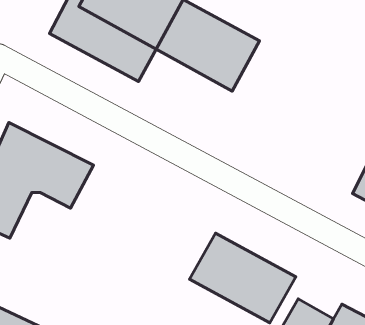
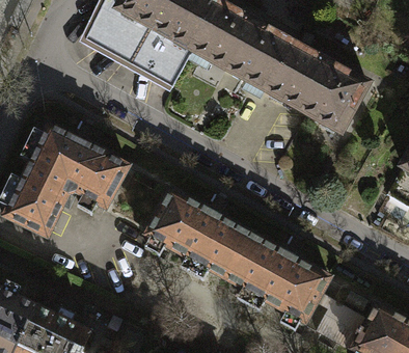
building: none -> [267,42,370,131]
building: none -> [143,188,250,278]

